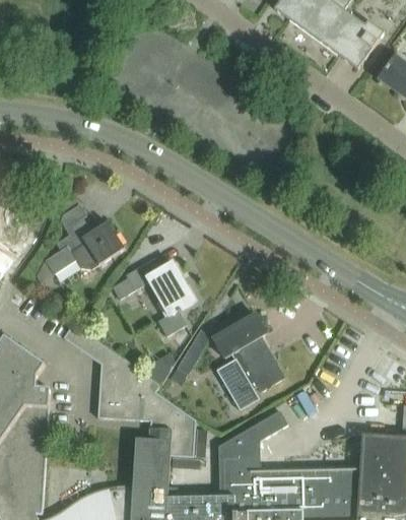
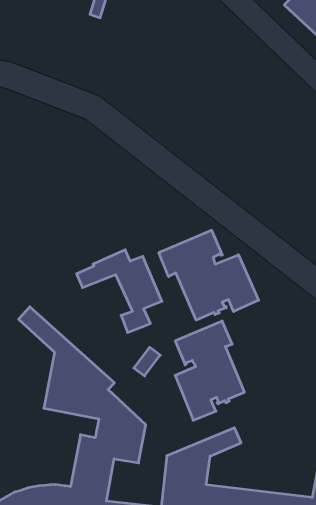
building: [46,205,124,273] -> none
building: none -> [159,230,259,320]

